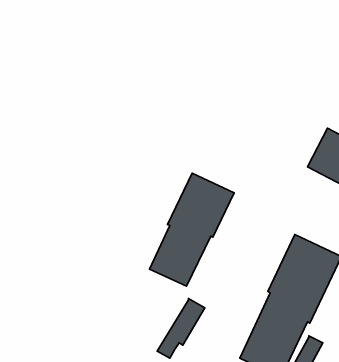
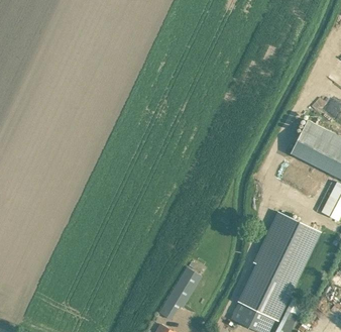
building: [149,173,234,286] -> none

